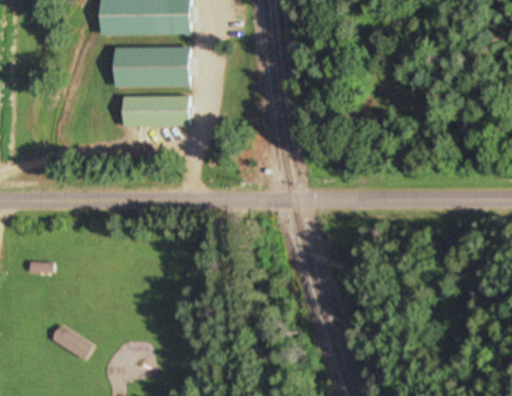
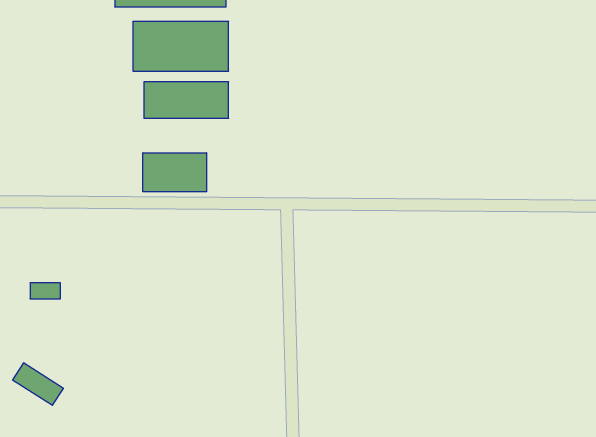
building: none -> [143,153,207,192]
building: [51,325,93,360] -> [13,363,63,405]

